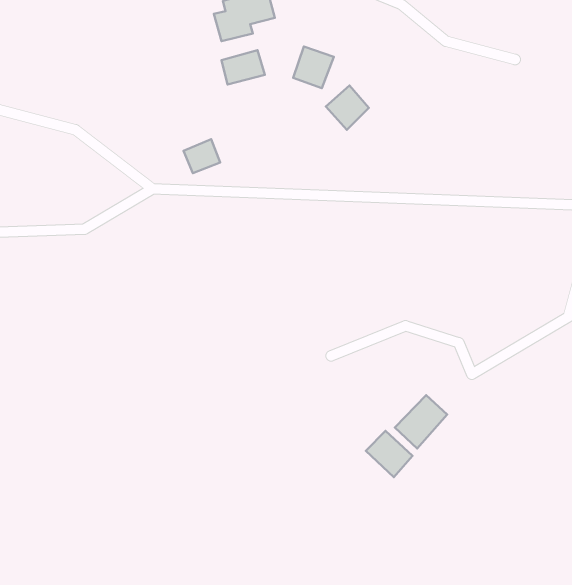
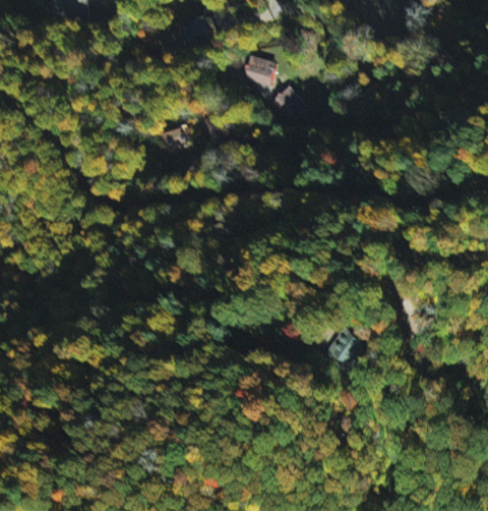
building: [222,50,265,85] -> none
building: [366,431,412,477] -> none

